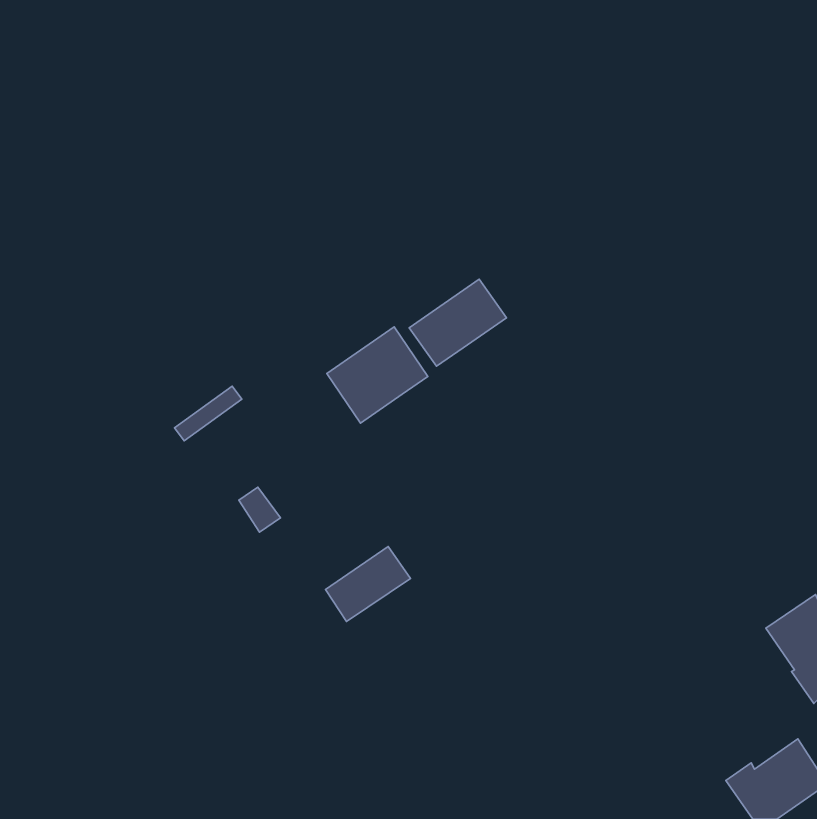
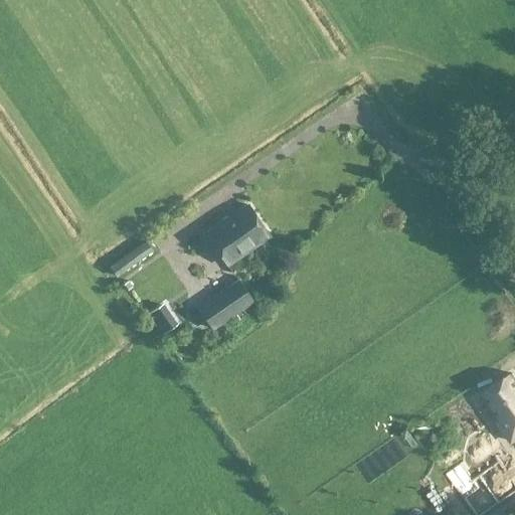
building: [409,279,507,366] -> none
building: [326,546,410,622] -> [200,282,253,329]

